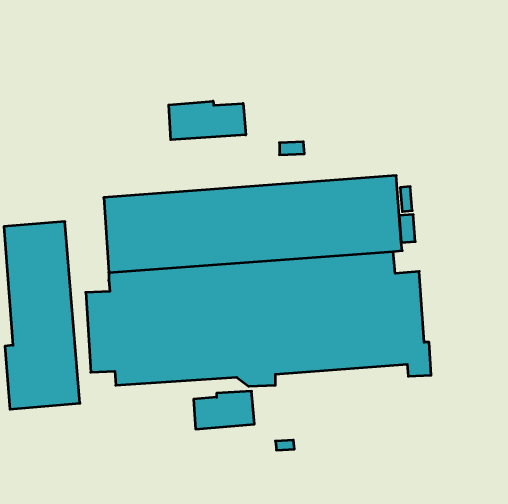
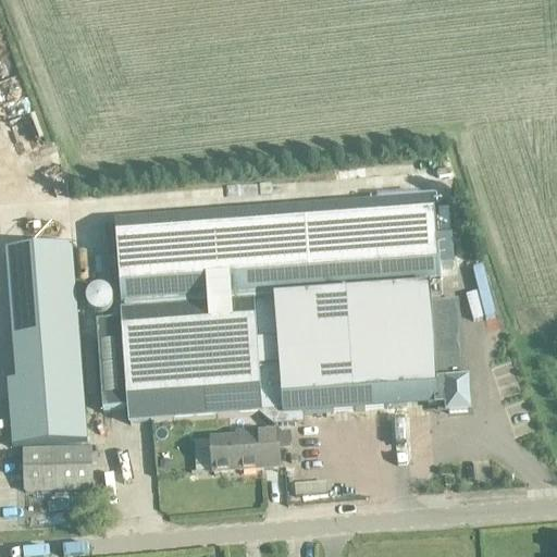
building: [169,101,246,140] -> none
building: none -> [22,445,90,487]

